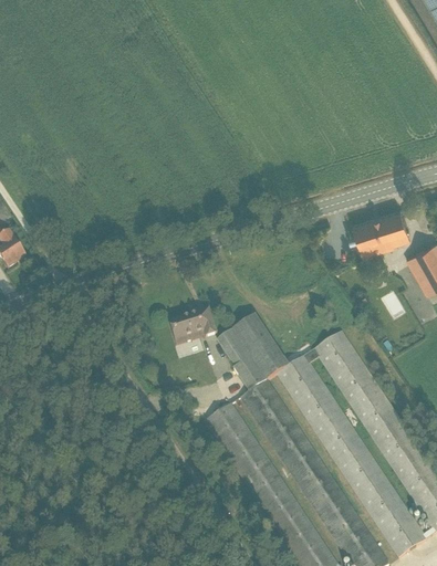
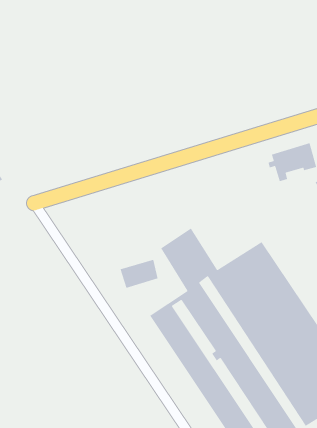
building: [167,310,215,346] -> [119,259,158,289]

